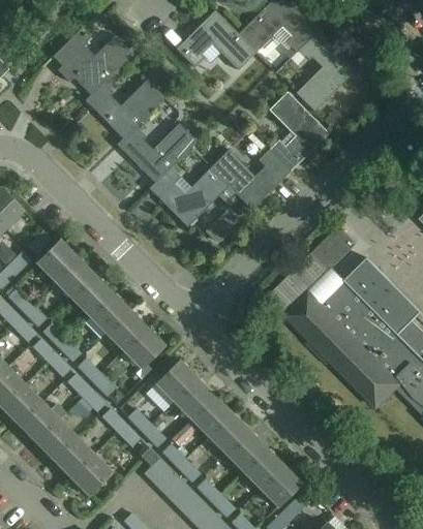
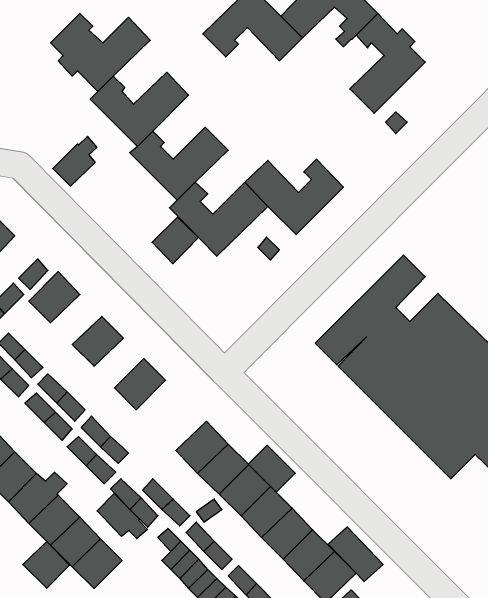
building: [269,92,330,172] -> none
building: none -> [53,136,97,186]
building: none -> [152,217,199,264]
building: [54,258,95,299] -> none
building: [89,293,129,334] -> none
building: [123,328,164,370] -> none
building: none -> [248,445,295,492]
building: none -> [97,494,147,539]
building: none -> [328,527,383,582]
building: none -> [23,541,70,588]

